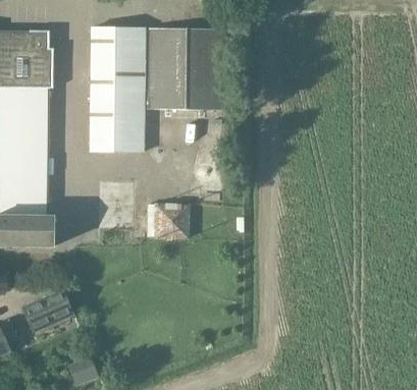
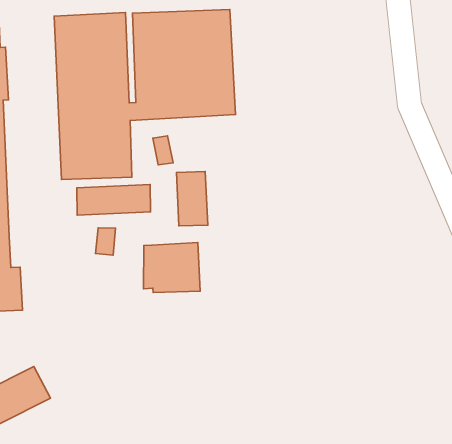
building: none -> [176,172,208,226]
building: none -> [77,184,150,215]

